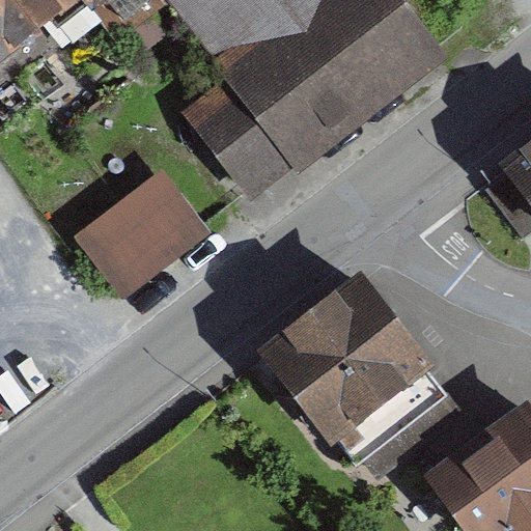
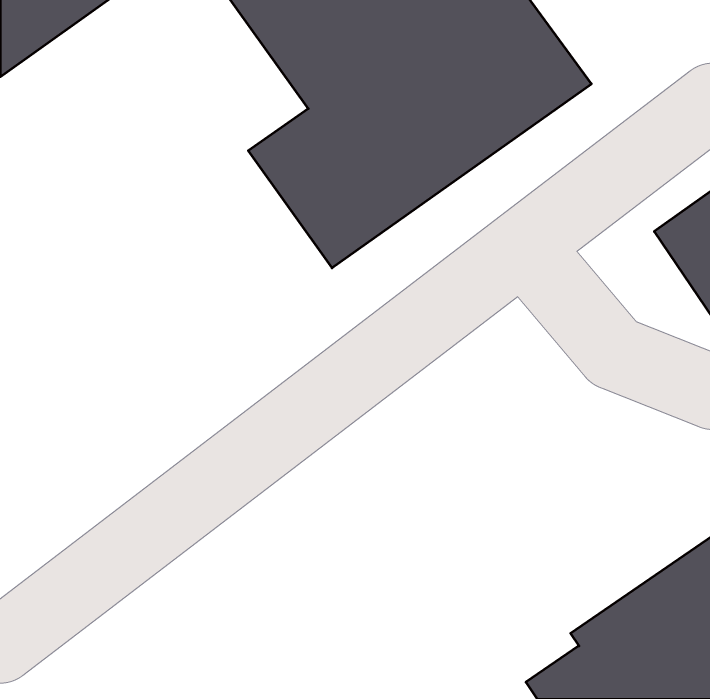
building: [74,163,213,298] -> none
building: [259,277,444,464] -> none

